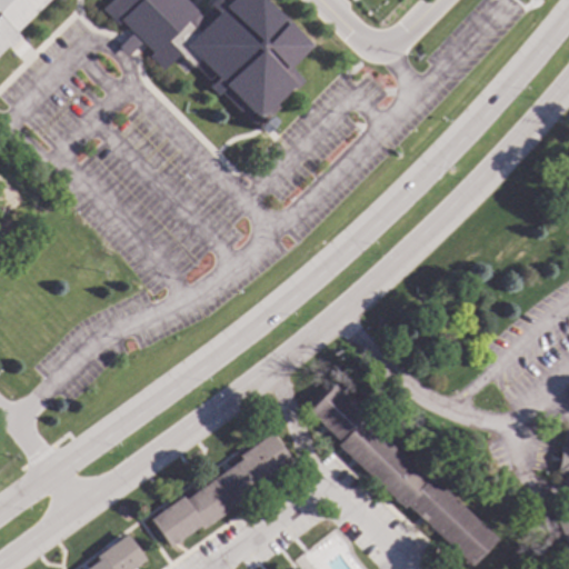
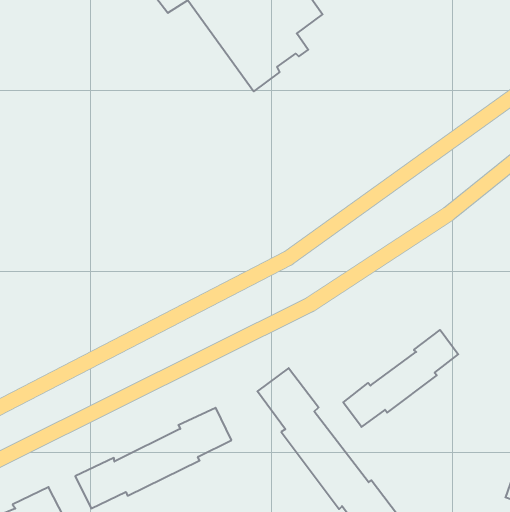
building: none -> [343,330,458,427]

